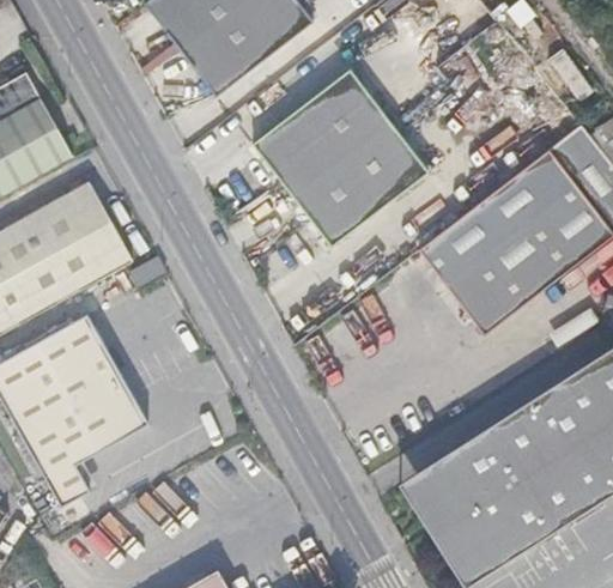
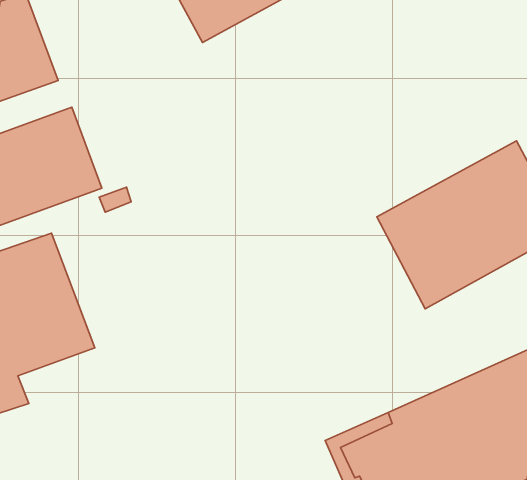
building: [248,68,424,245] -> none

